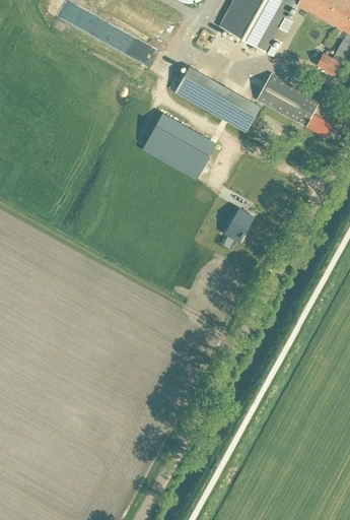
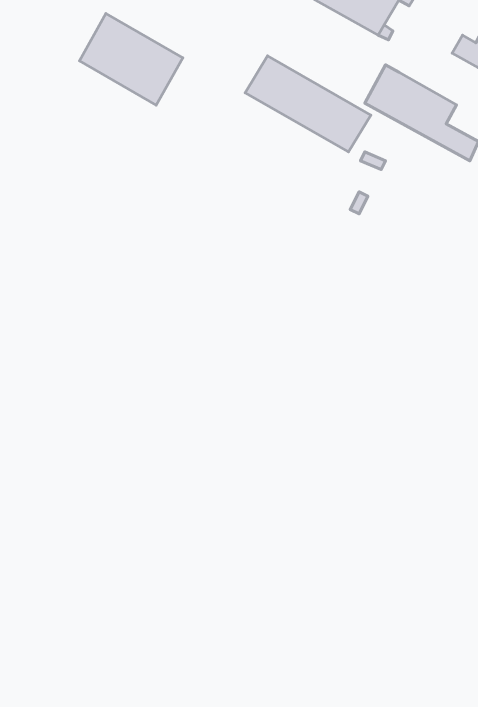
building: [142,113,213,176] -> [79,14,183,105]
building: [224,207,254,242] -> none

